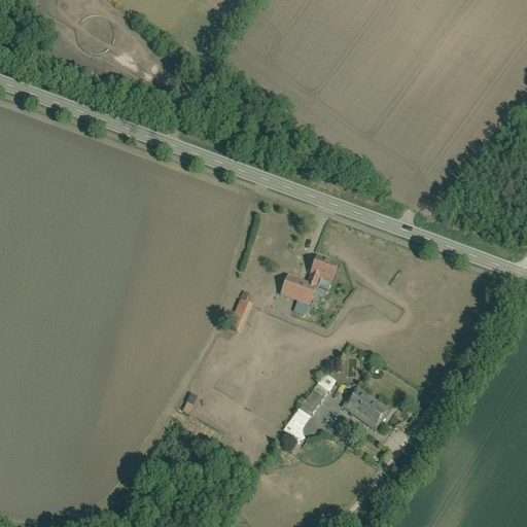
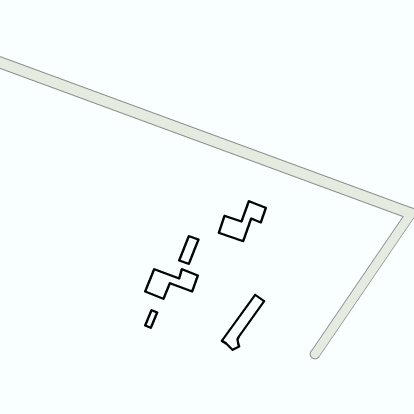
building: none -> [145,269,198,299]
building: [346,387,389,429] -> none

